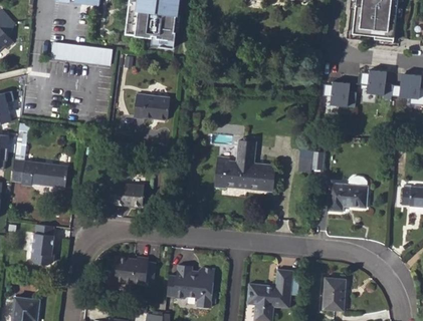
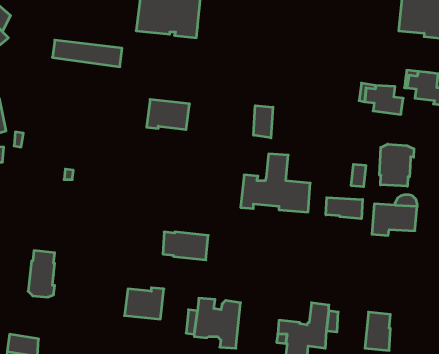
building: none -> [254,106,273,138]
building: none -> [379,144,414,186]
building: [11,158,68,188] -> none
building: none -> [326,198,363,219]
building: [105,183,145,207] -> [163,232,208,260]

